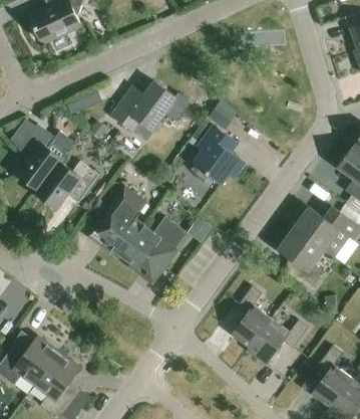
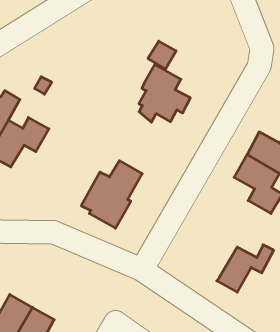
building: [111,80,188,131] -> none
building: [87,186,146,256] -> none
building: [232,285,272,347] -> none

